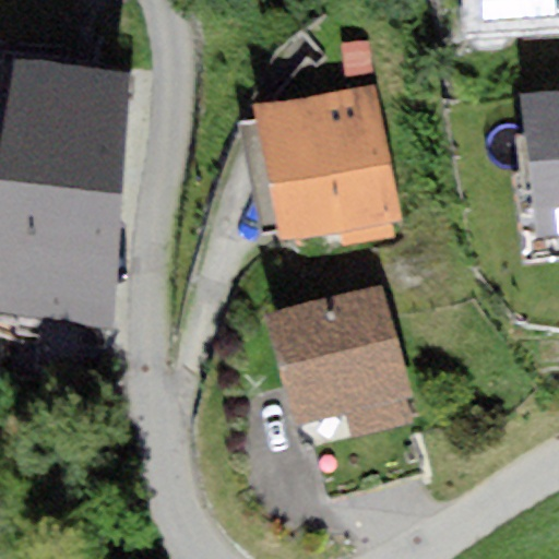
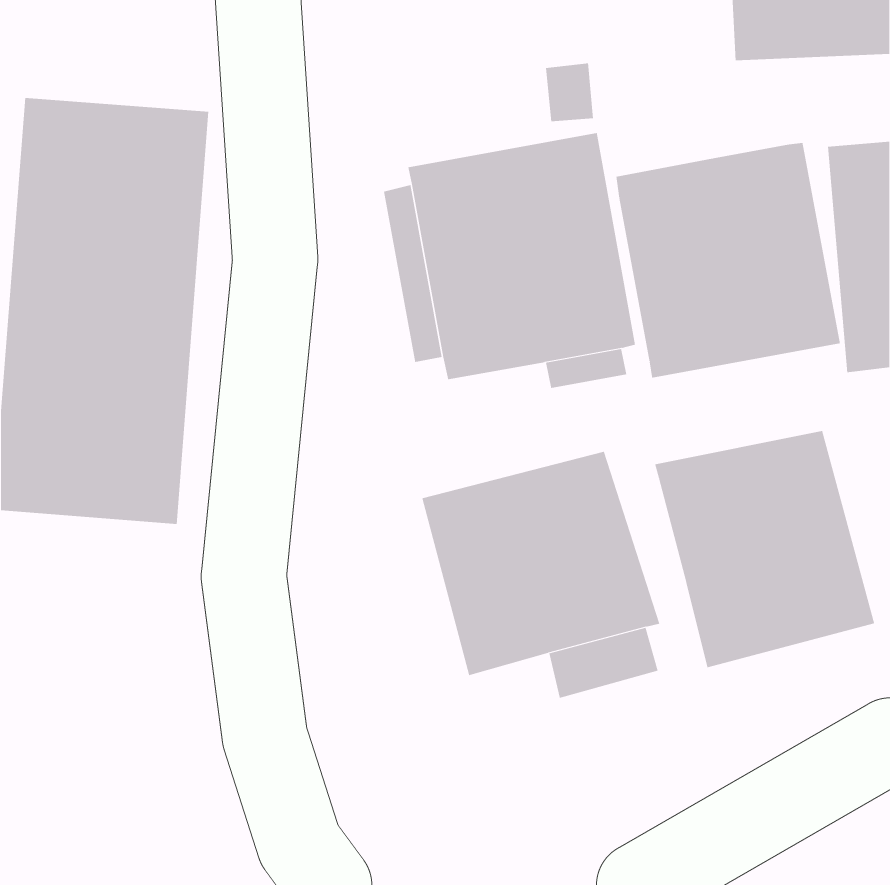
building: none -> [616,142,840,378]
building: none -> [654,430,875,668]

